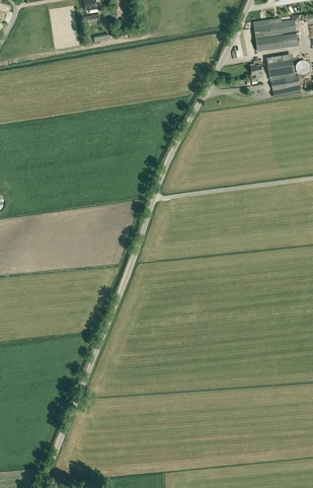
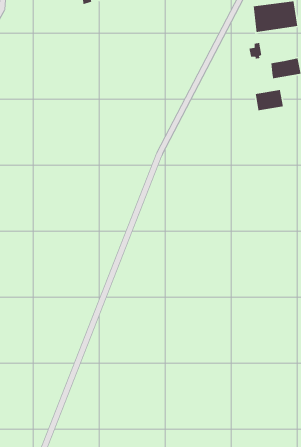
building: [266,56,295,77] -> [255,89,284,111]

